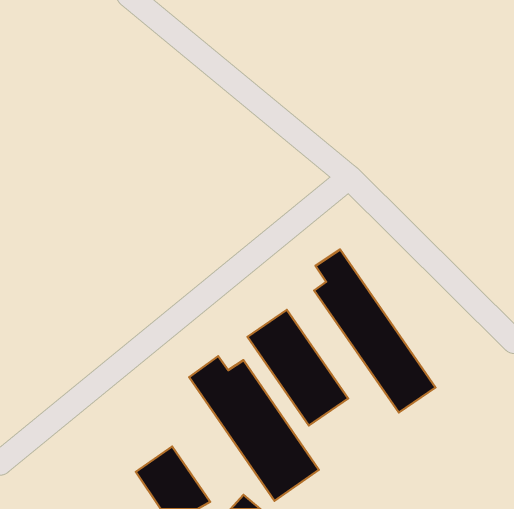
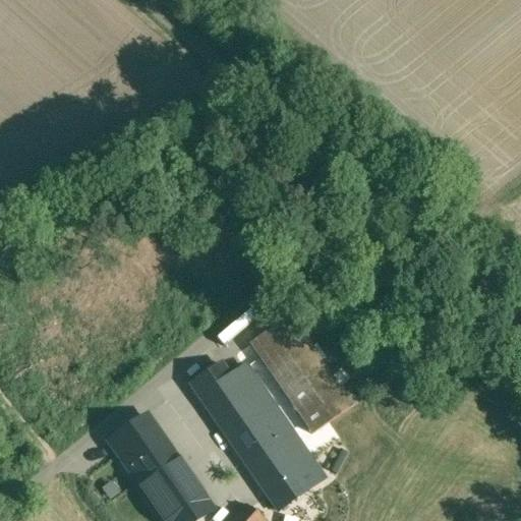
building: [314,250,435,412] -> none
building: none -> [109,412,174,477]

